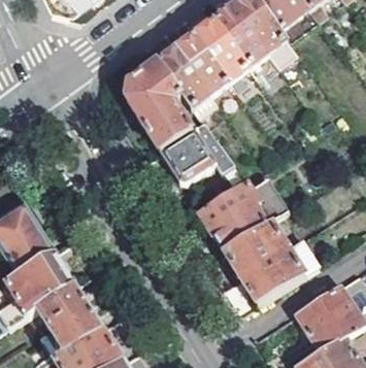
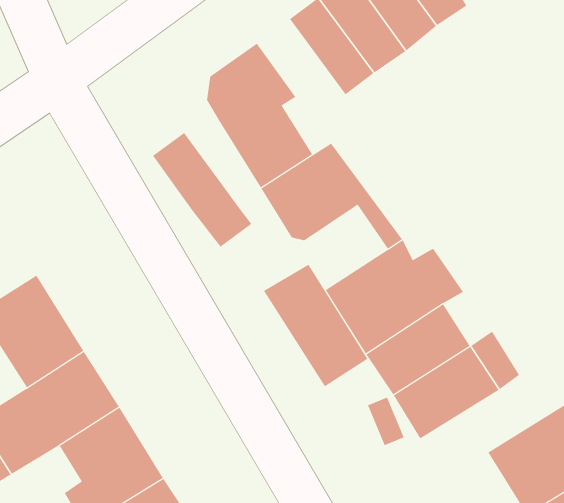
building: [157,48,218,119] -> [152,132,252,247]
building: none -> [263,264,368,387]

